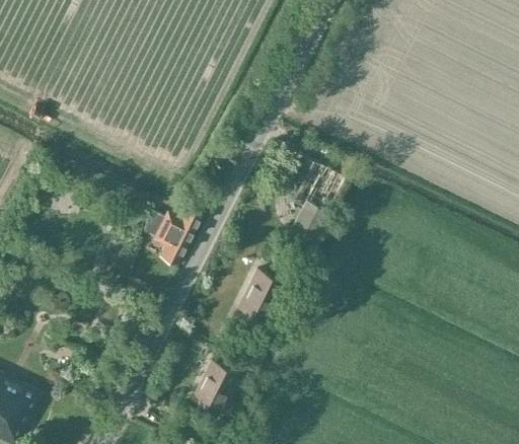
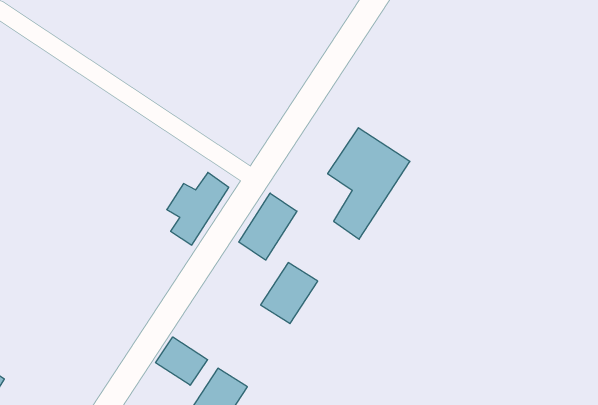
building: none -> [239,193,297,260]
building: none -> [156,337,208,385]

